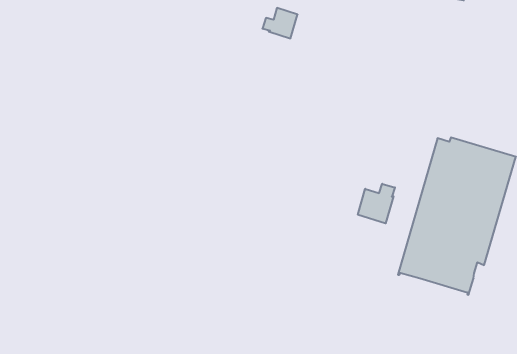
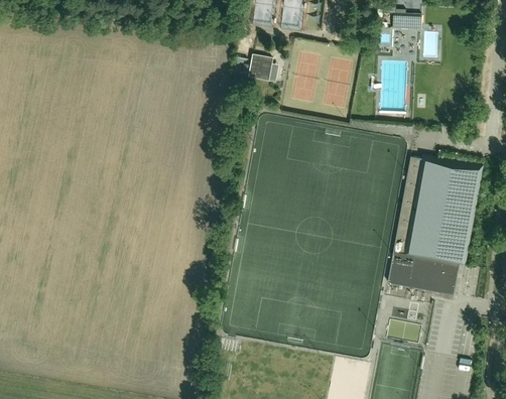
building: [358,184,395,223] -> none

